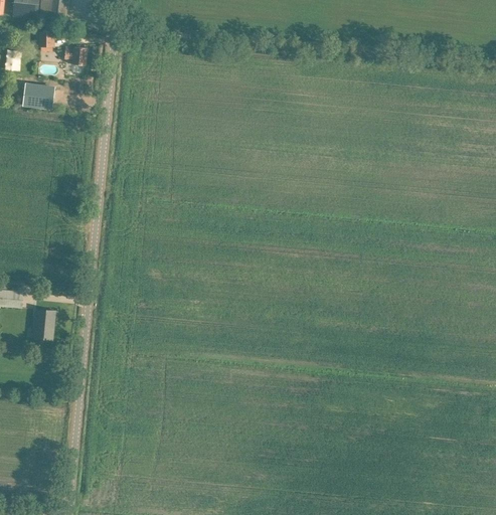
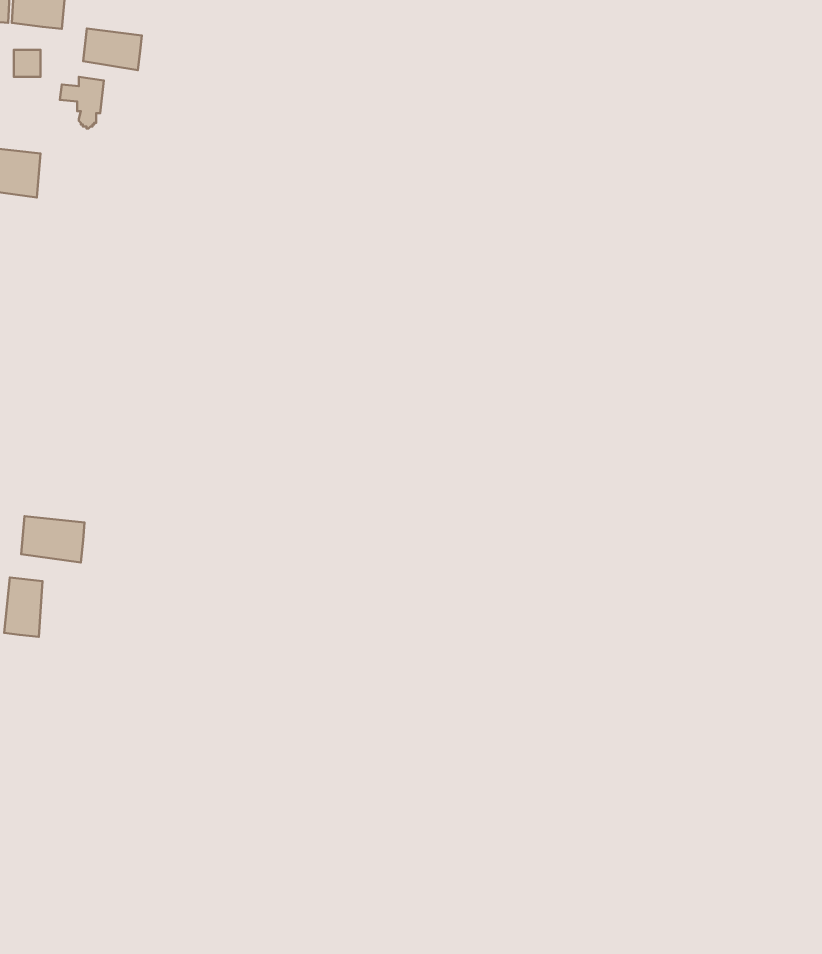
building: none -> [83,29,142,70]
building: none -> [21,516,85,563]

